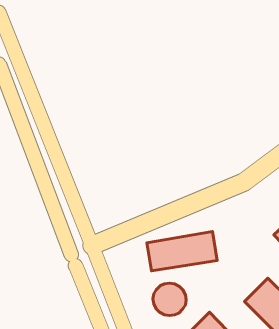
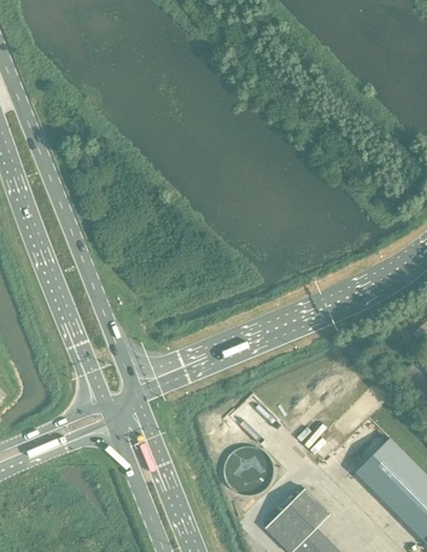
building: [147,232,217,271] -> none

